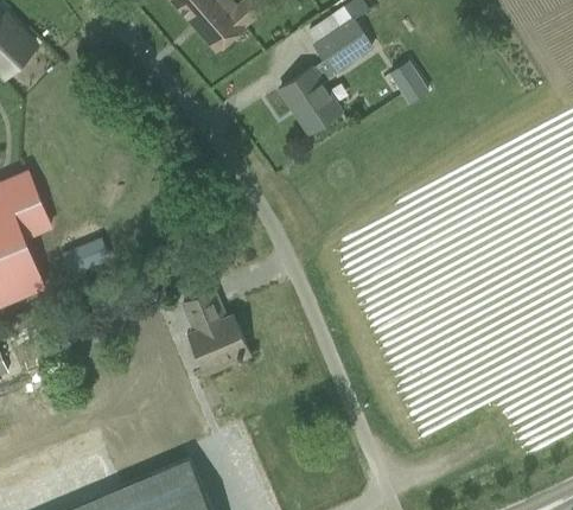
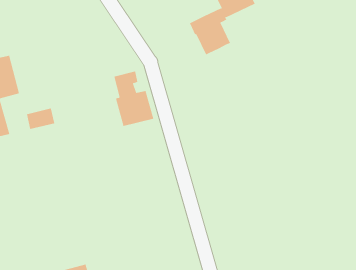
building: [389,63,428,106] -> none
building: [183,291,250,374] -> [113,71,154,127]

